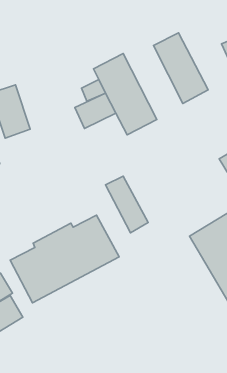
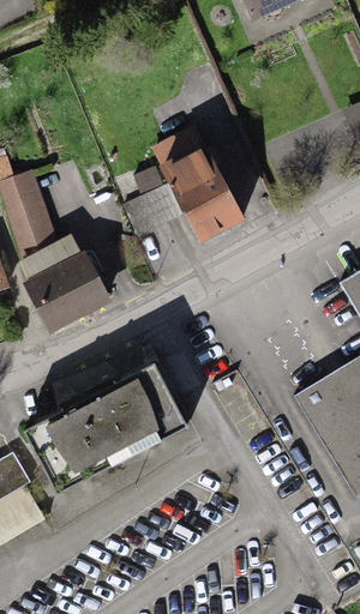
building: [153,33,208,103] -> none
building: none -> [18,234,112,333]
building: [106,176,148,233] -> none

